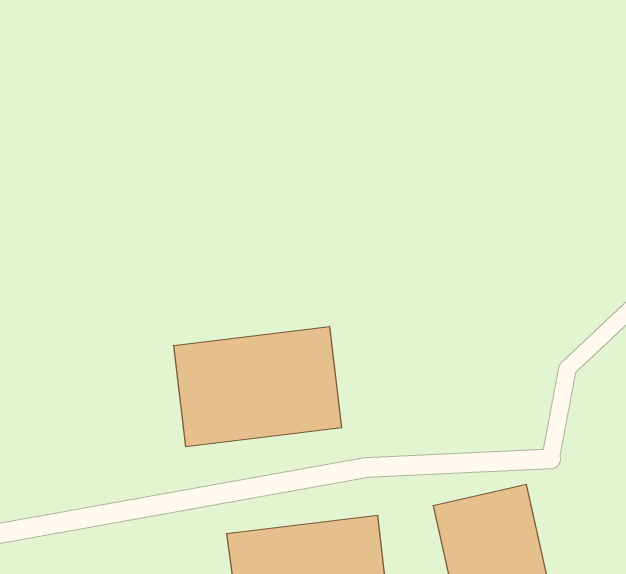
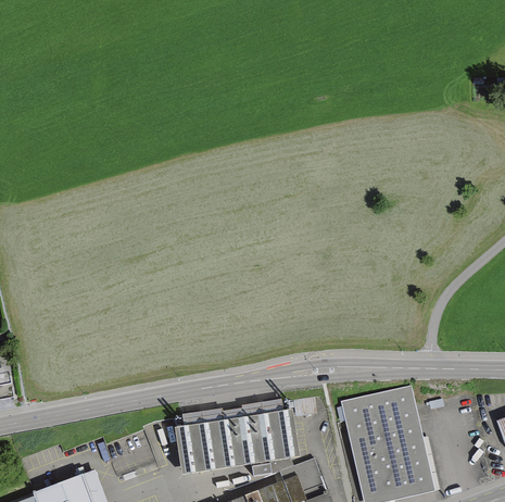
building: [174,326,342,447] -> none

